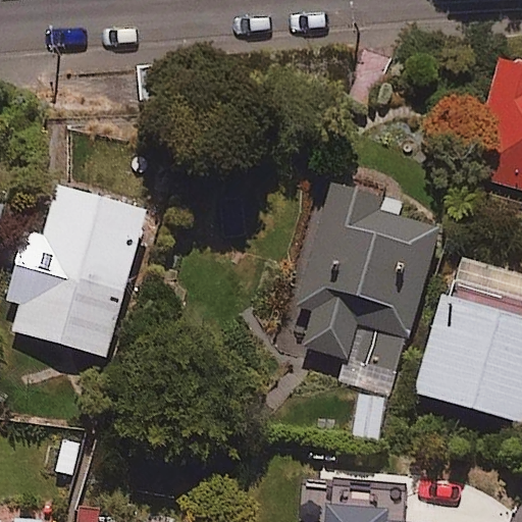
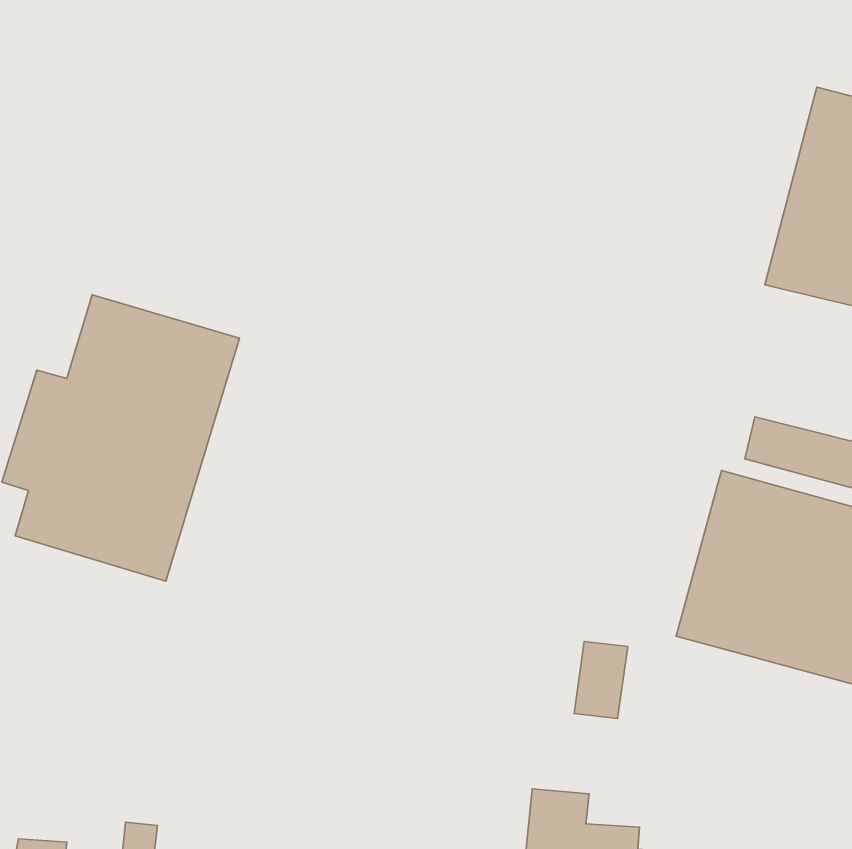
building: [284,181,441,375] -> none

